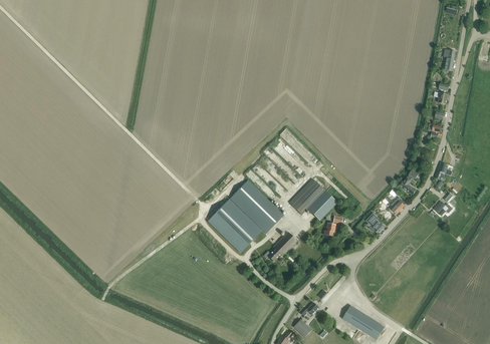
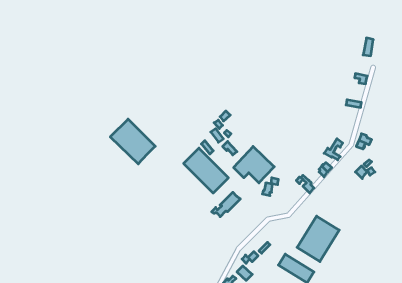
building: [208,199,261,252] -> [110,119,155,164]
building: none -> [297,216,339,262]

